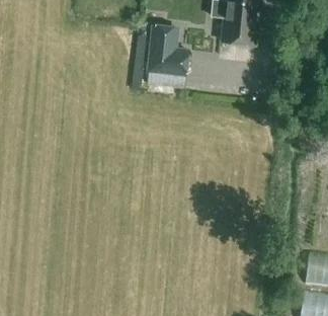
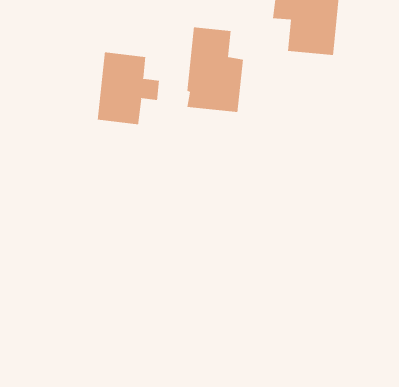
building: none -> [97,52,160,125]

